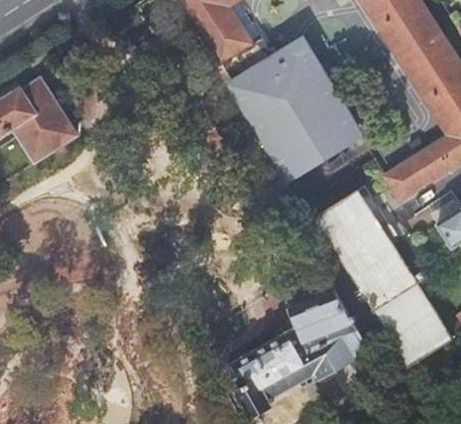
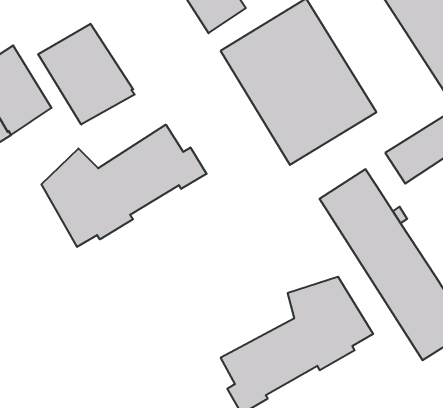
building: none -> [38,24,135,125]
building: none -> [41,125,207,247]

